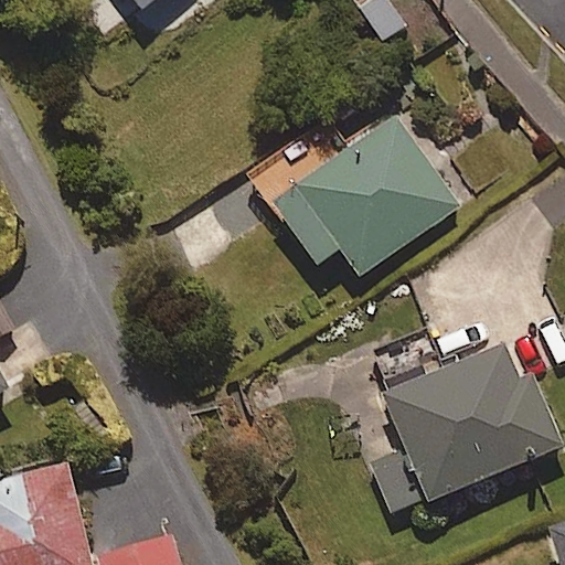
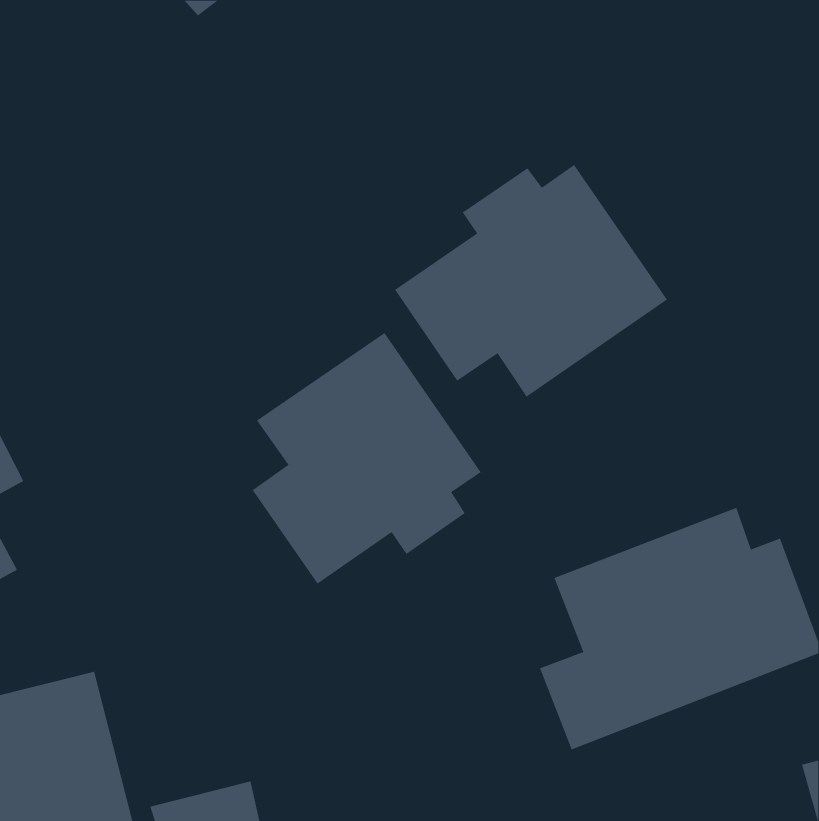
building: none -> [252,332,481,584]

